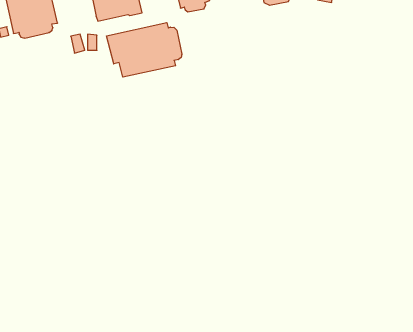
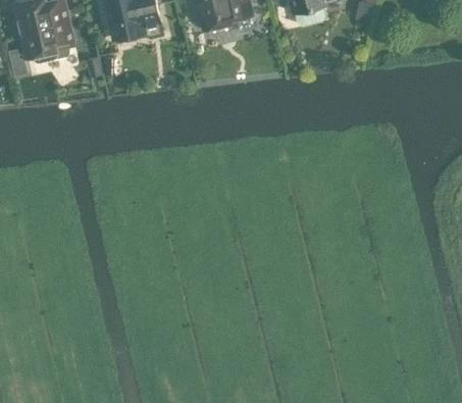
building: [107,23,182,77] -> none

